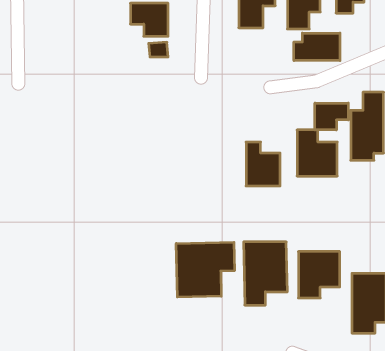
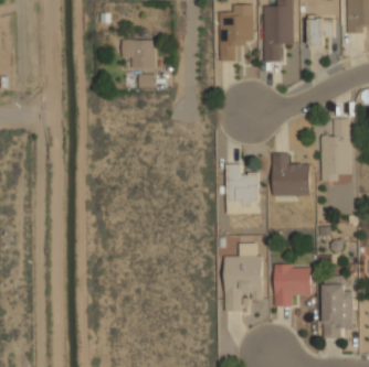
building: [294,33,340,61] -> none
building: [315,103,348,130] -> none
building: [176,242,234,297] -> none

